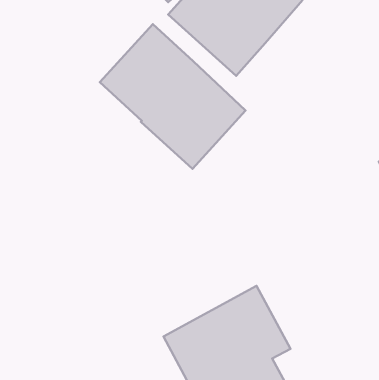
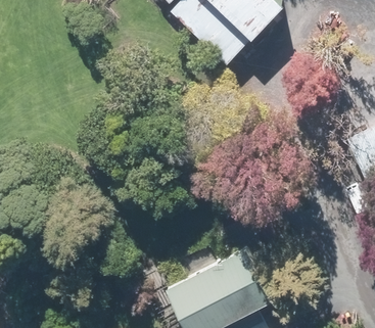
building: [100,24,246,169] -> none

